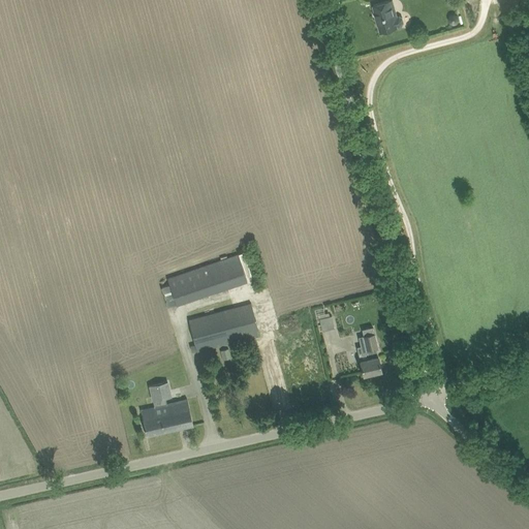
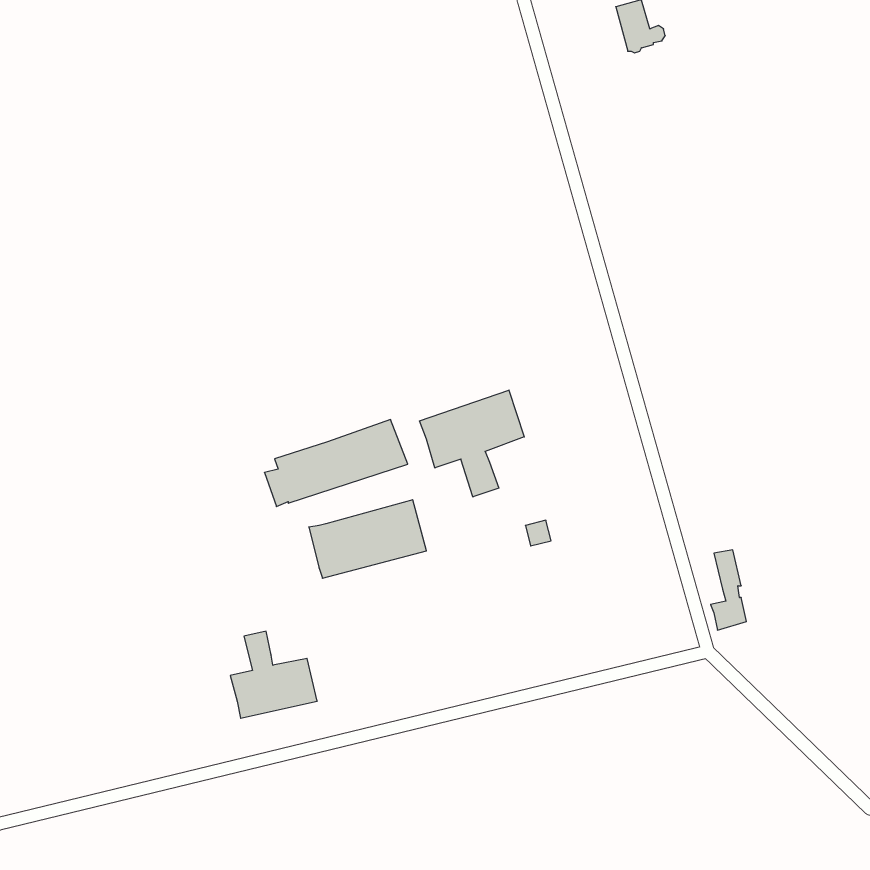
building: none -> [420,390,524,497]
building: [359,328,380,376] -> [711,550,746,630]

